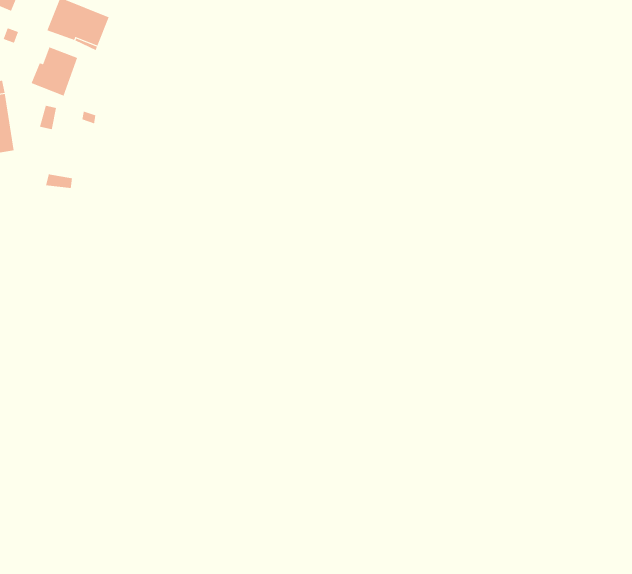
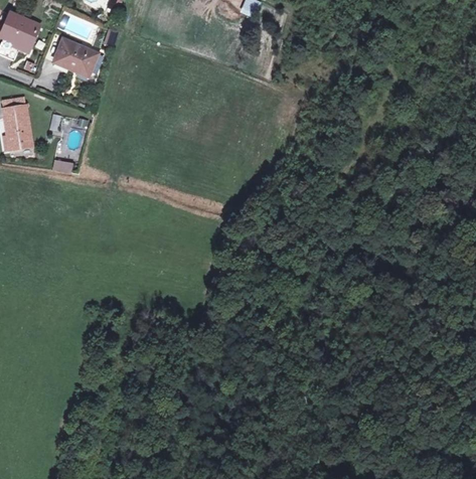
building: [31,46,78,97] -> none

